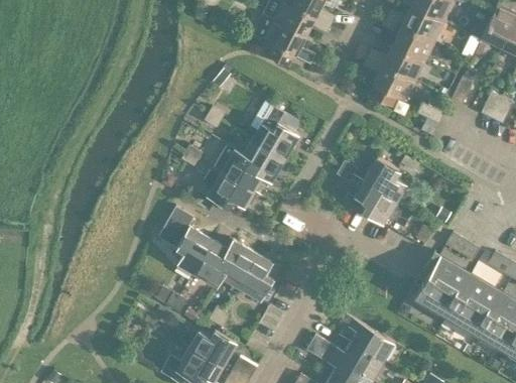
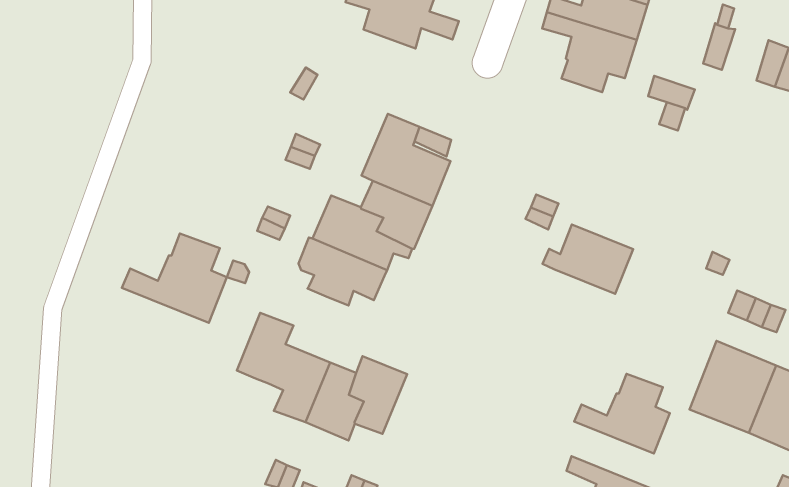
building: none -> [122,233,227,323]
building: [364,157,406,201] -> none
building: [238,254,279,303] -> none
building: none -> [574,374,670,454]

